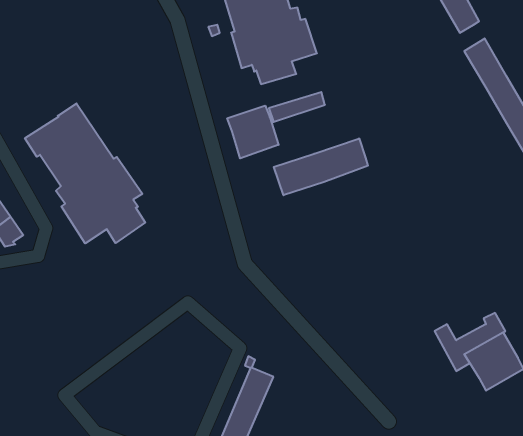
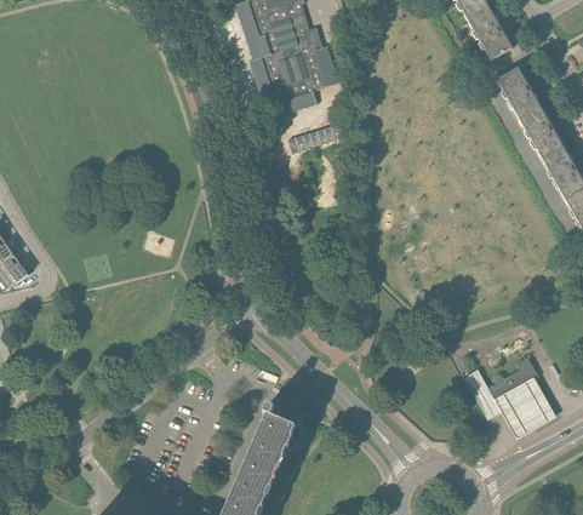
building: [25,103,145,243] -> none
building: [227,106,279,158] -> none
building: [274,138,368,195] -> none

